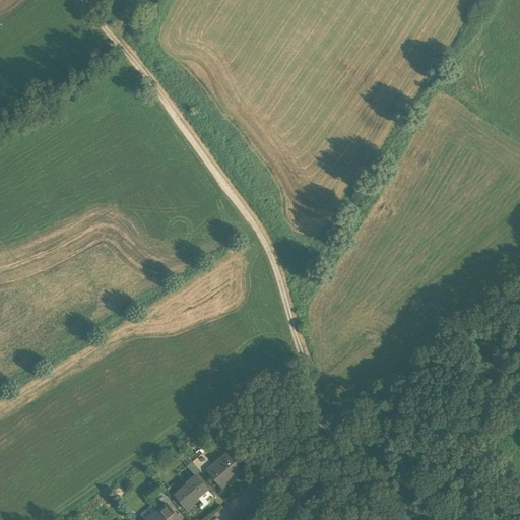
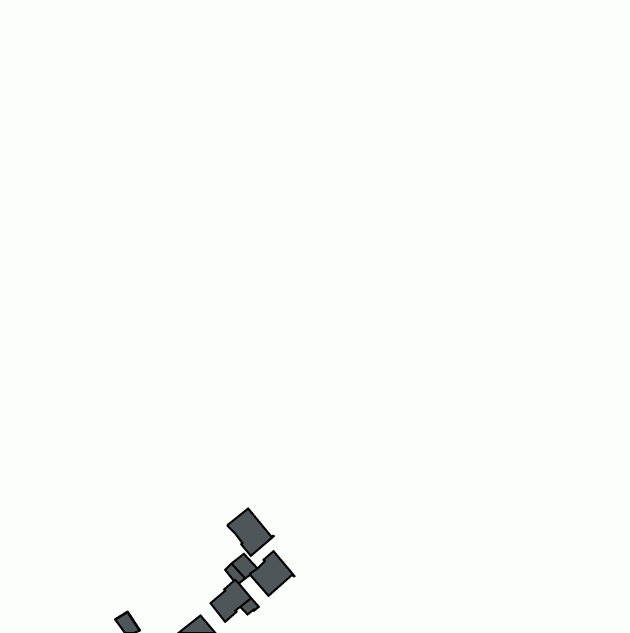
building: none -> [228,508,274,556]

